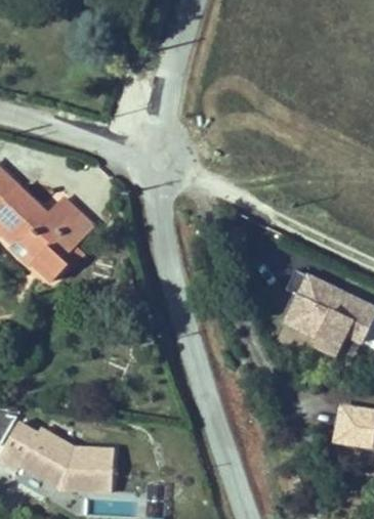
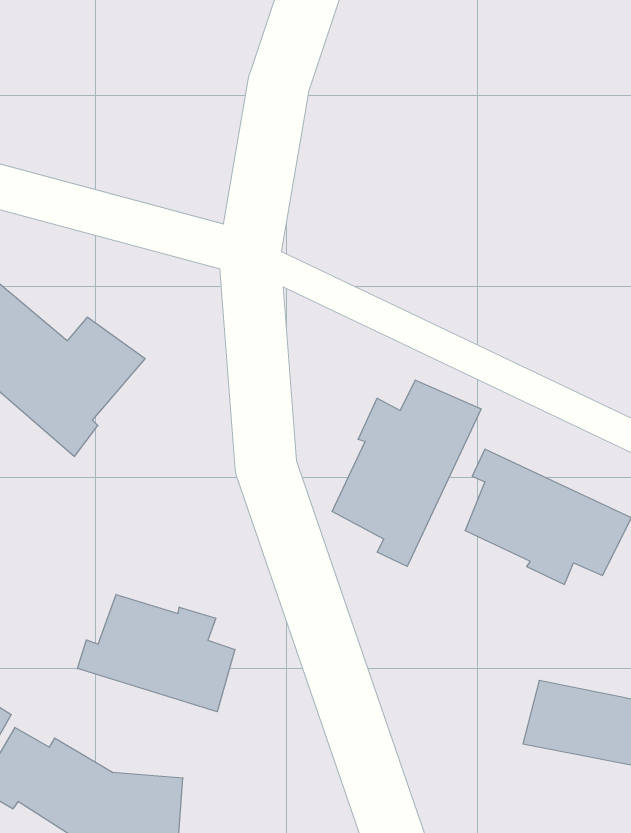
building: none -> [332,380,481,566]
building: none -> [77,594,235,712]

